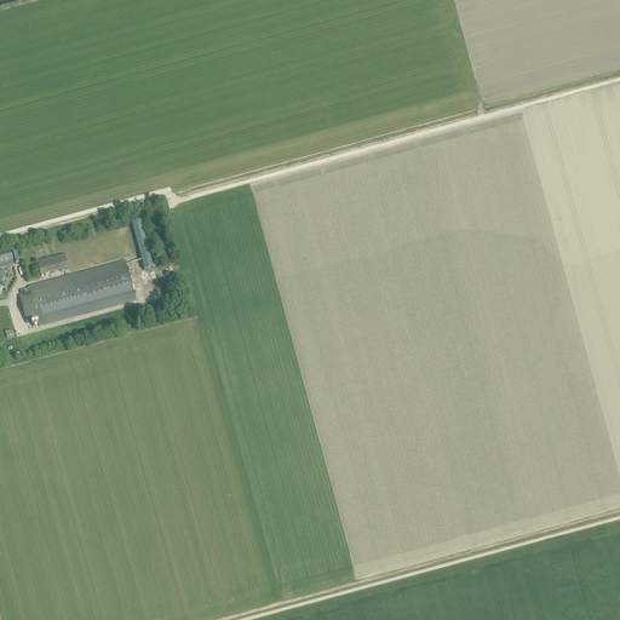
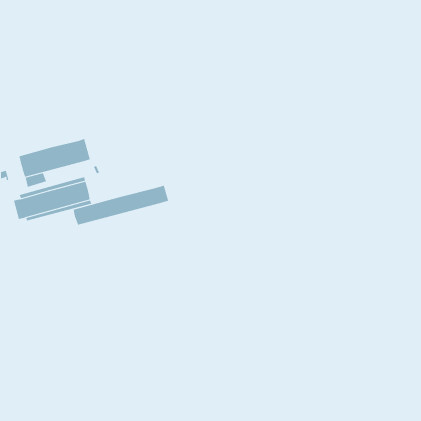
building: none -> [19,138,90,177]
building: none -> [73,185,169,226]

